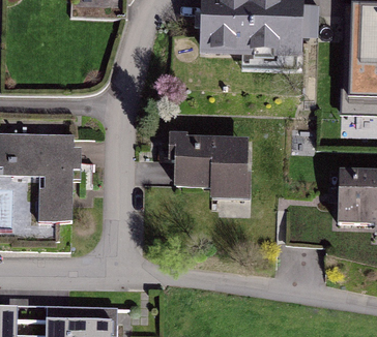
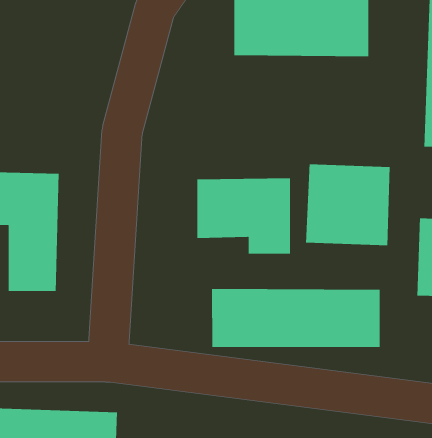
building: none -> [305,164,391,246]
building: none -> [211,288,381,348]

